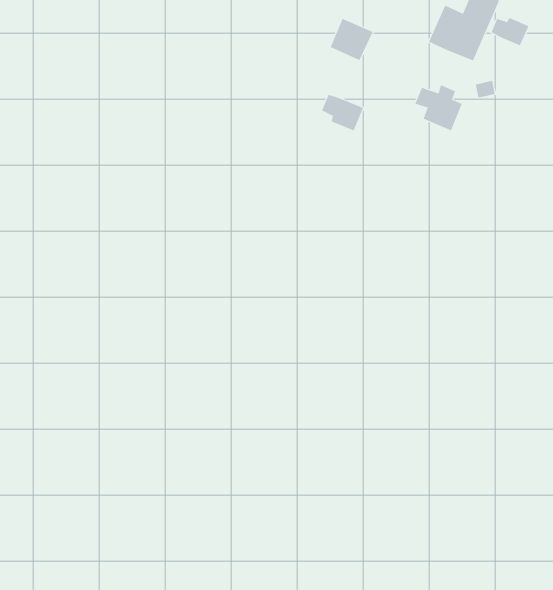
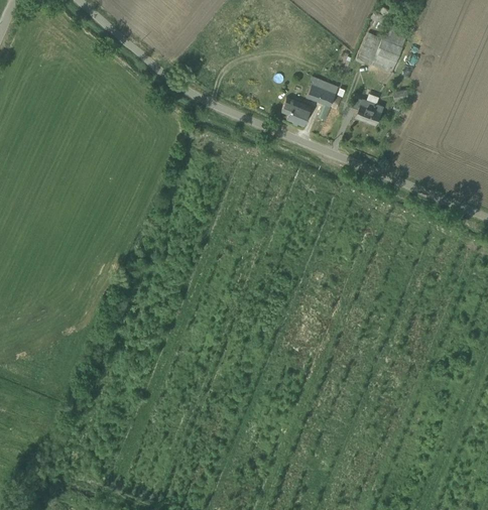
building: [491,17,529,46] -> none
building: [330,18,374,61] -> [307,76,339,107]

